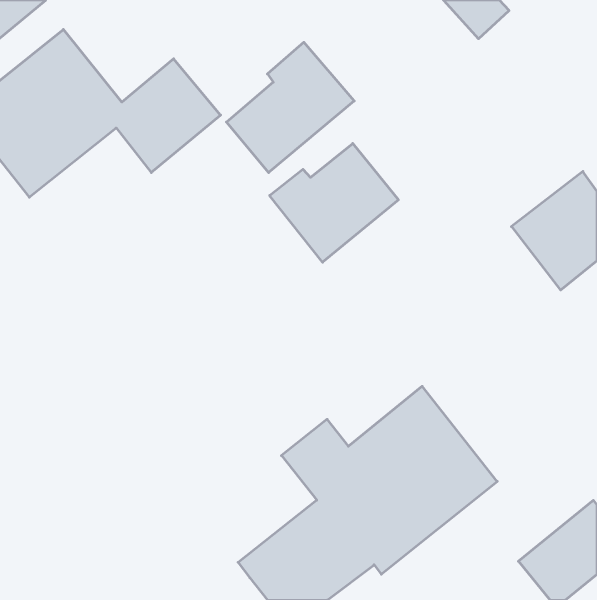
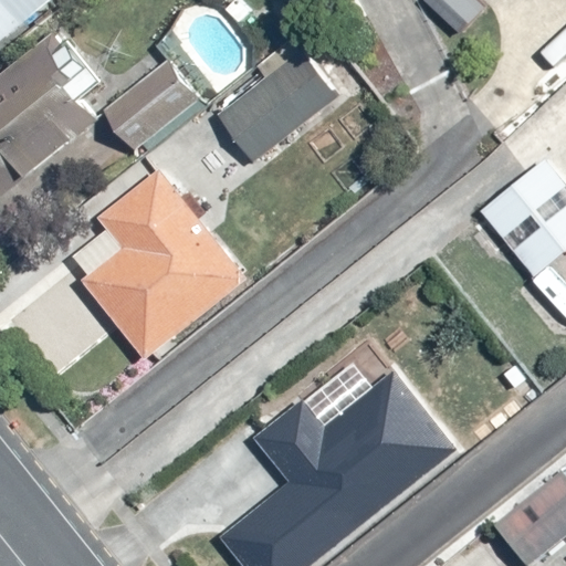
building: [270,143,398,262] -> none
building: none -> [71,154,247,360]

